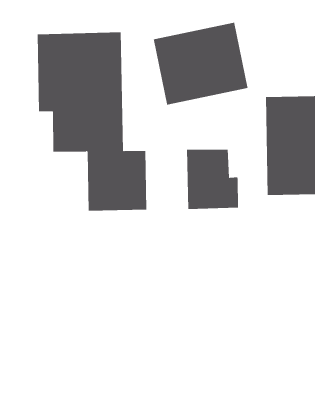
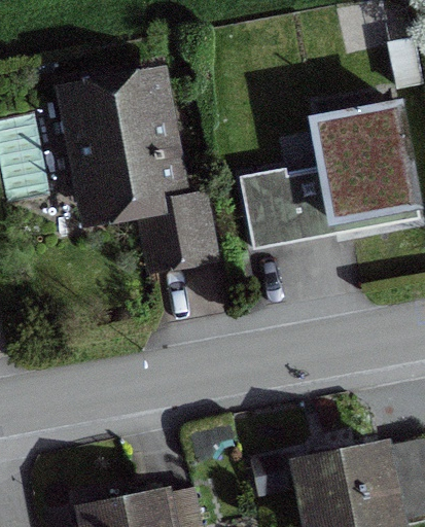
building: [153,22,248,105] -> none

